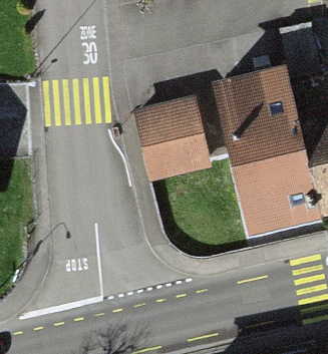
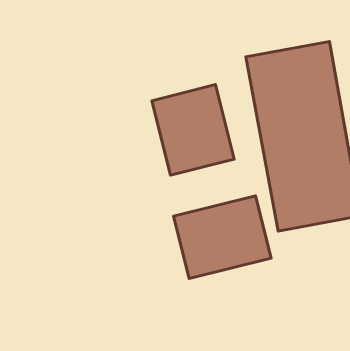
building: none -> [173,196,271,279]

